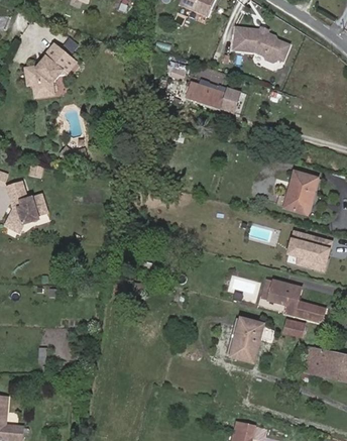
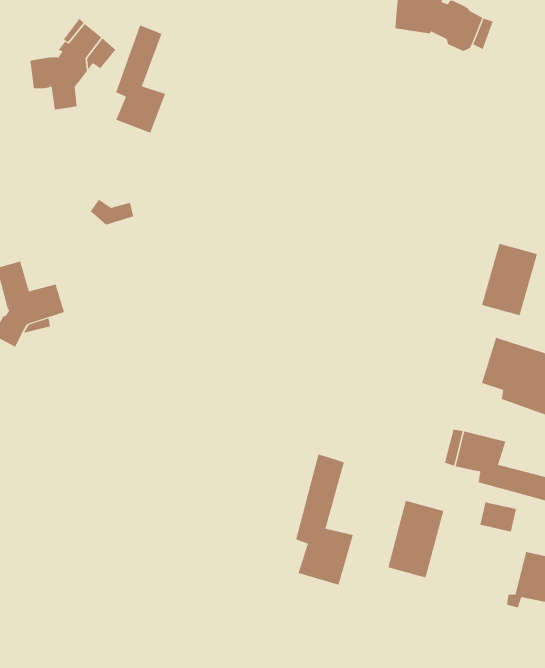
building: none -> [115,25,166,134]
building: [187,82,240,111] -> none
building: none -> [295,454,354,586]

